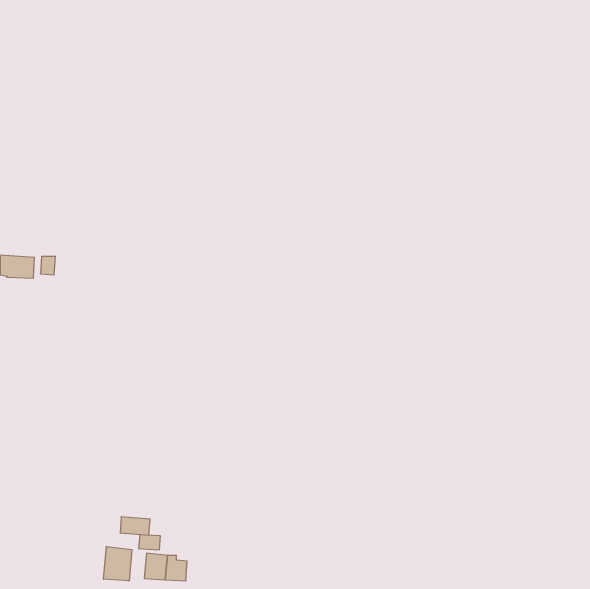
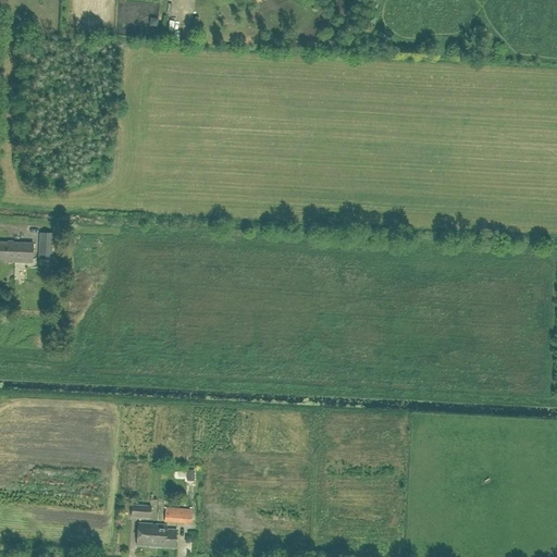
building: [120,517,150,535] -> [164,506,193,523]
building: [103,546,132,581] -> none

